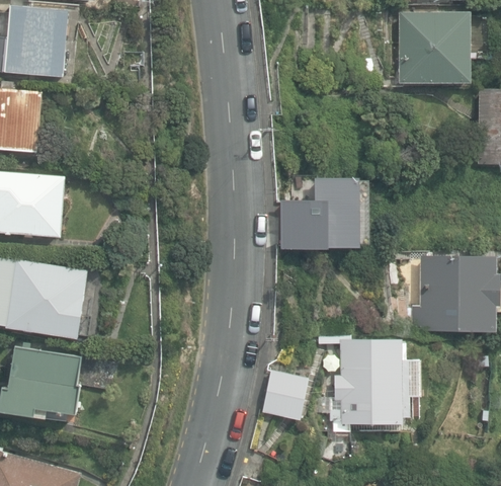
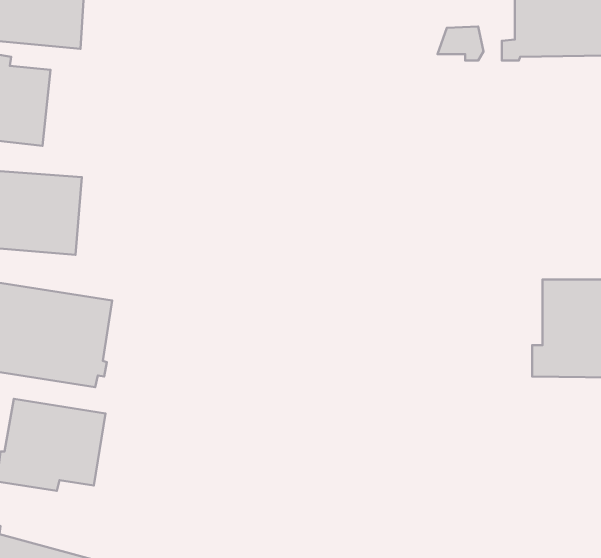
building: [282,176,365,246] -> none
building: [316,334,420,441] -> none
building: [262,370,308,418] -> none

